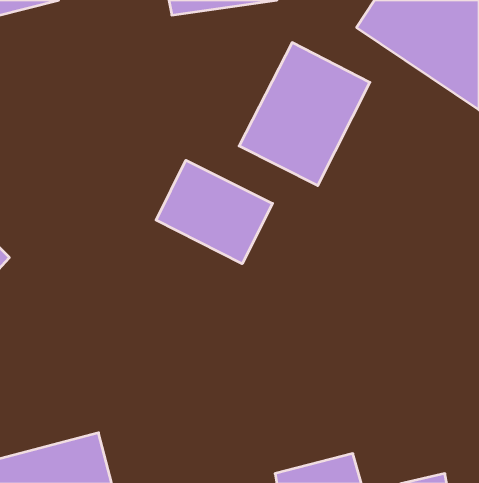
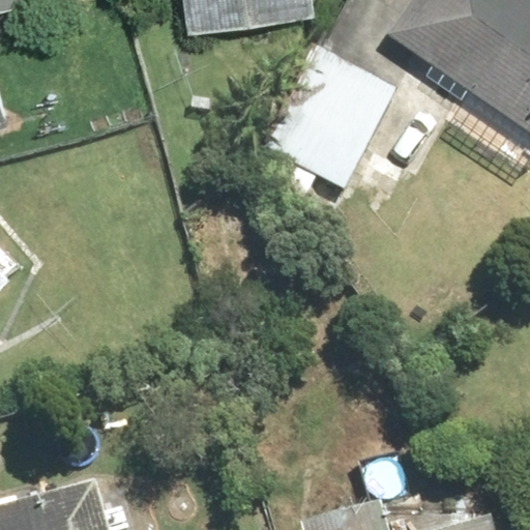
building: [156,160,273,264] -> none

